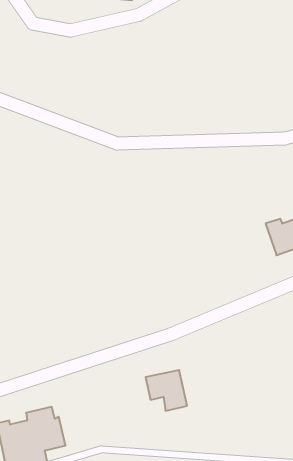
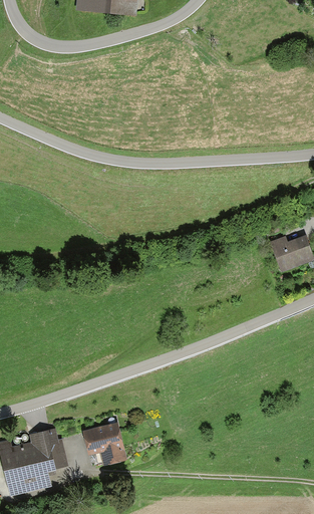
building: [146,370,187,411] -> [82,423,124,464]

